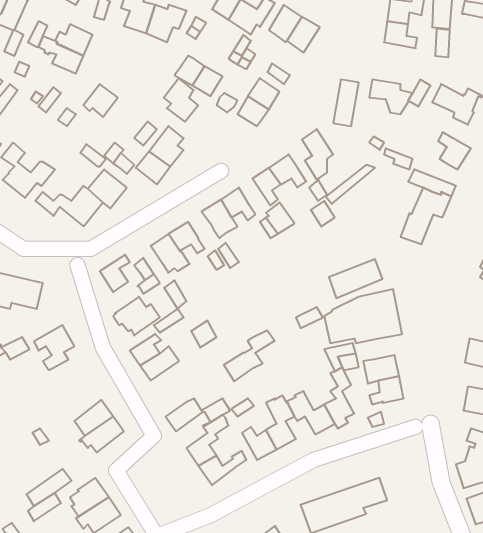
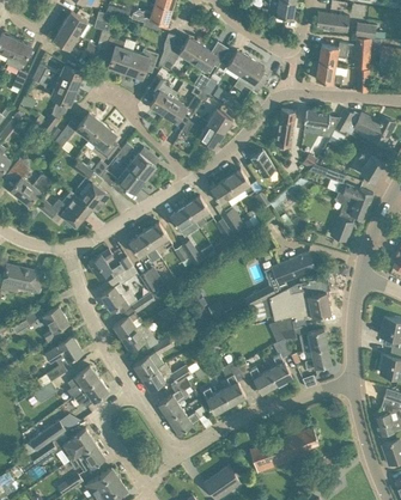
building: [164,78,198,122] -> [91,124,119,159]
building: [224,330,275,381] -> [133,339,174,379]
building: none -> [45,336,83,382]

